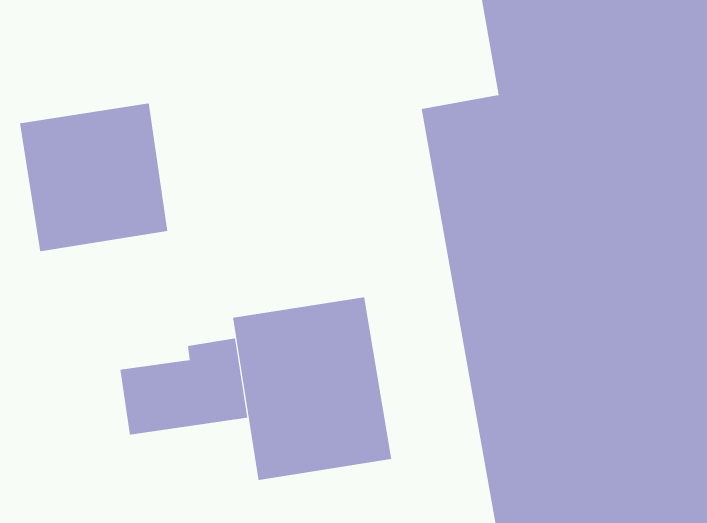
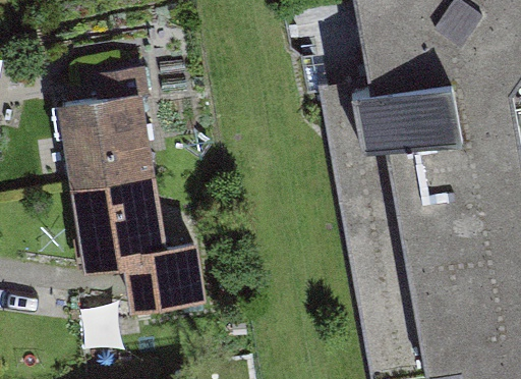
building: none -> [72,172,169,268]
building: [232,296,392,481] -> none

